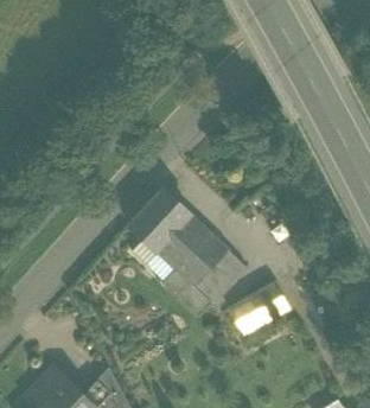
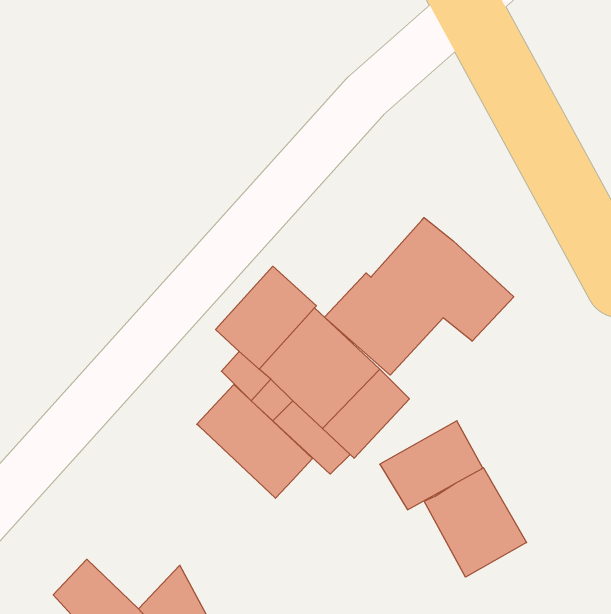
building: none -> [325,218,514,375]
building: none -> [197,385,313,498]
building: none -> [424,468,527,577]

